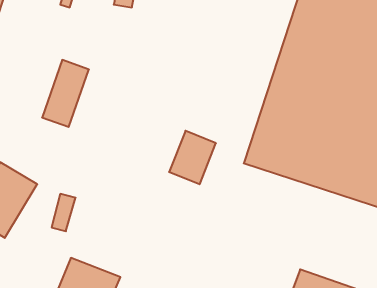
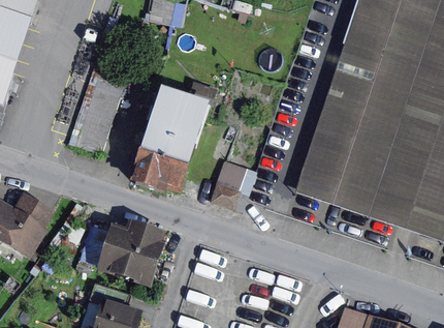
building: none -> [131,87,208,192]
building: none -> [106,221,180,292]

